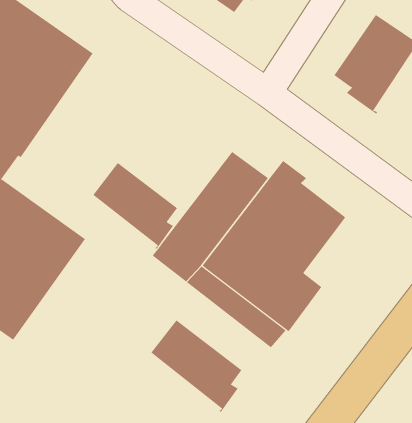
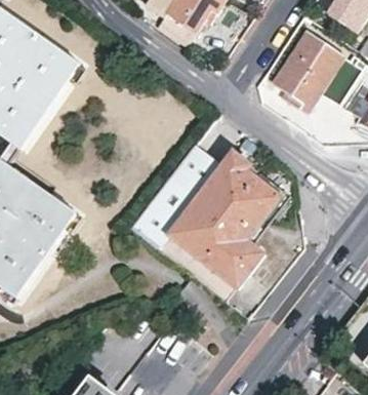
building: [92,162,178,250] -> none
building: [150,319,242,413] -> none

